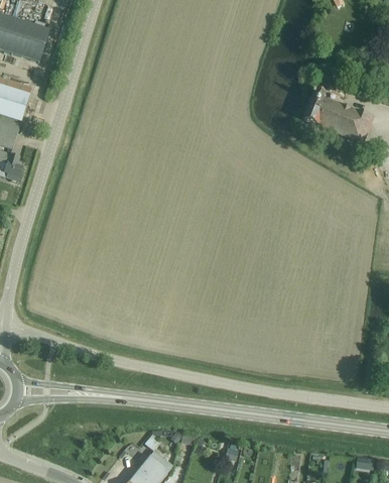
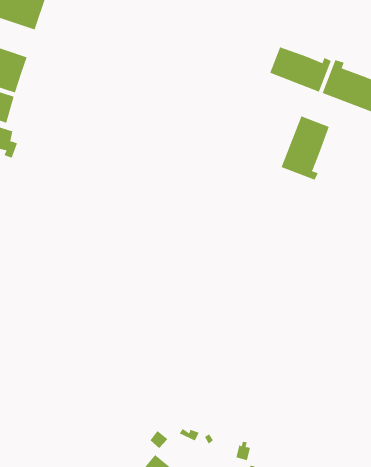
building: none -> [270,46,332,93]
building: none -> [281,116,330,181]

